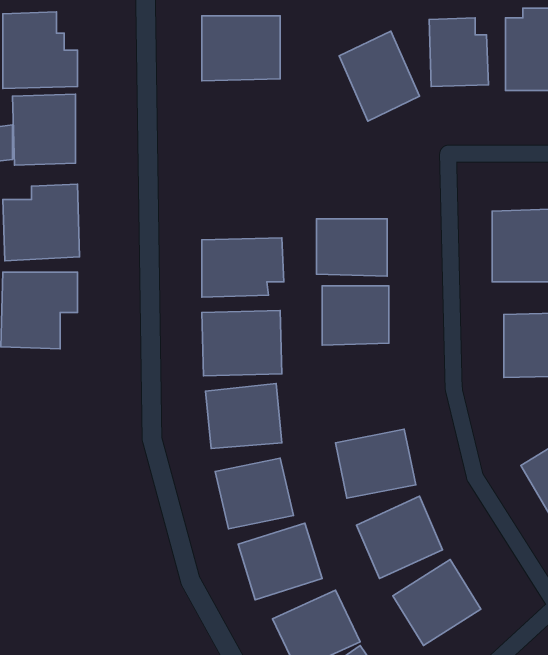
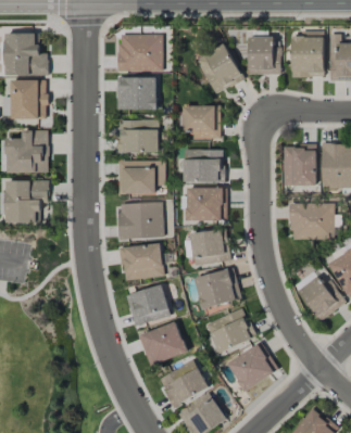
building: none -> [116,77,158,111]
building: none -> [184,105,221,140]
building: none -> [118,119,160,153]
building: none -> [190,229,230,263]

